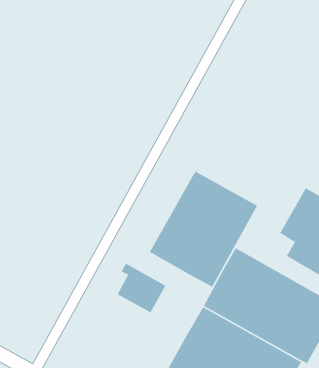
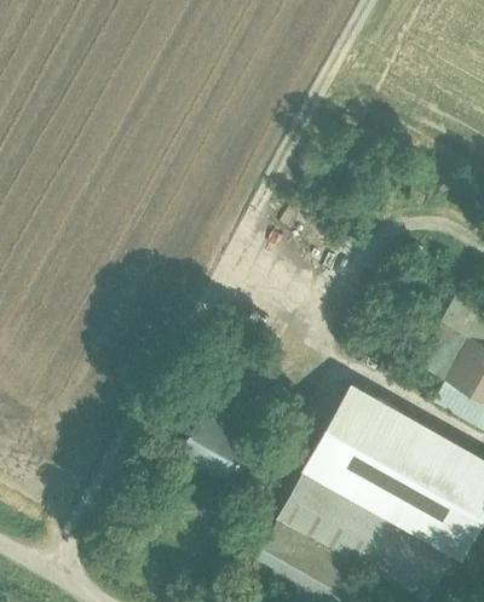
building: [149,170,258,288] -> none

